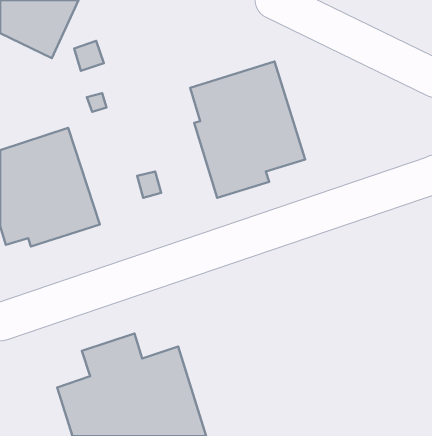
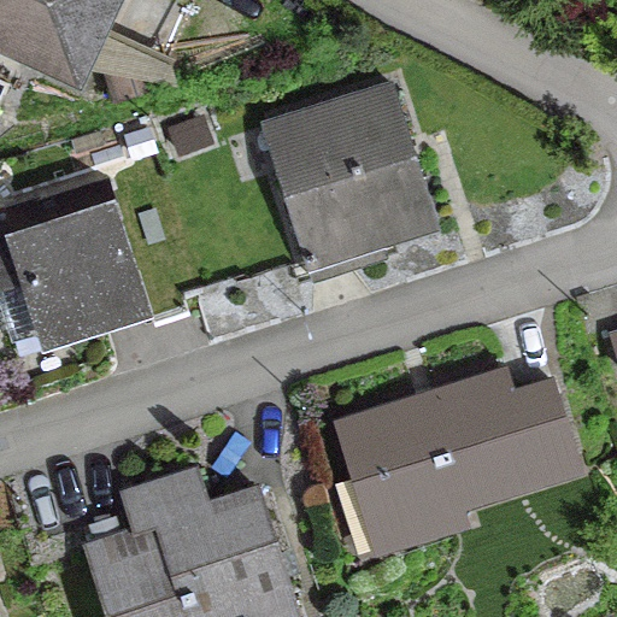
building: none -> [335,371,578,552]

